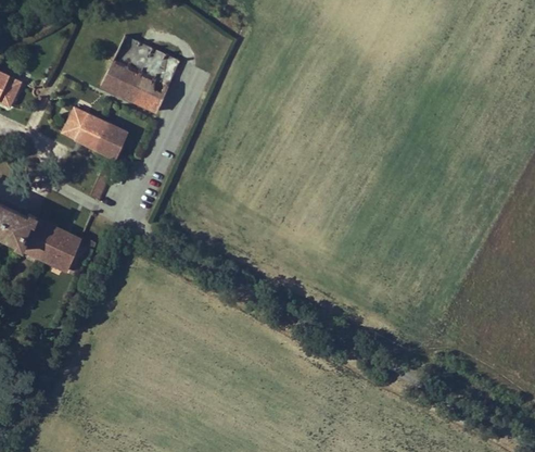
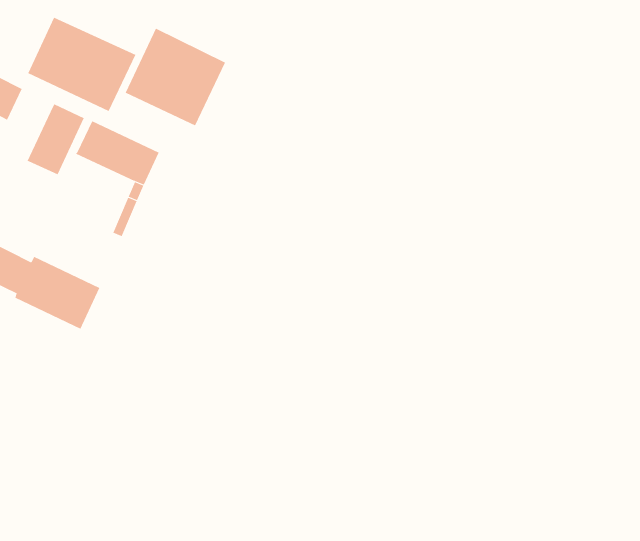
building: none -> [28,17,136,112]
building: none -> [27,103,84,175]

